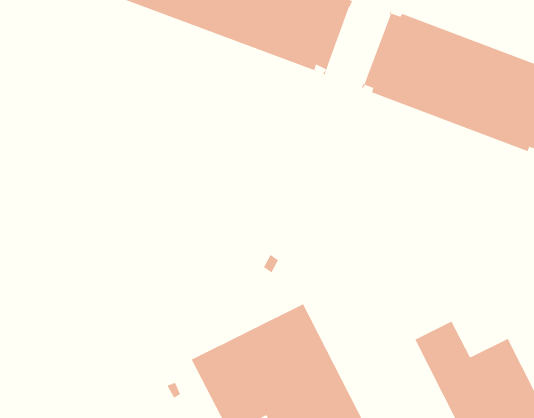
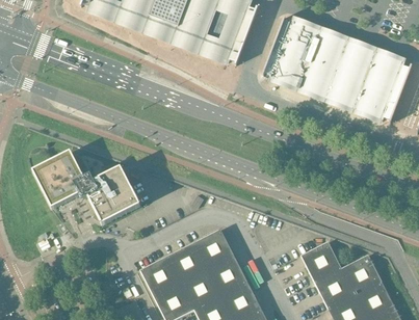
building: none -> [32,151,140,224]

